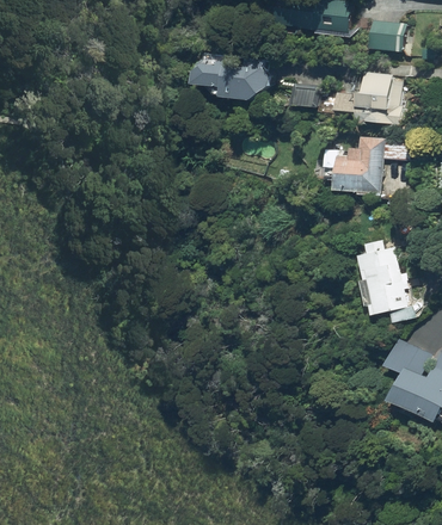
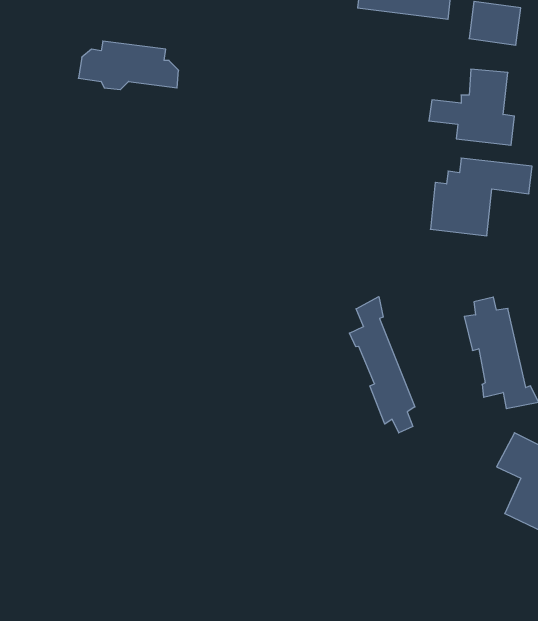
building: [199,54,274,89] -> [78,41,179,90]
building: [289,84,317,107] -> none
building: none -> [349,297,415,433]

